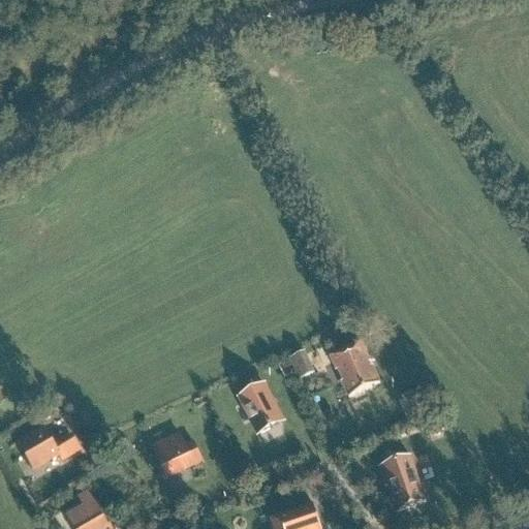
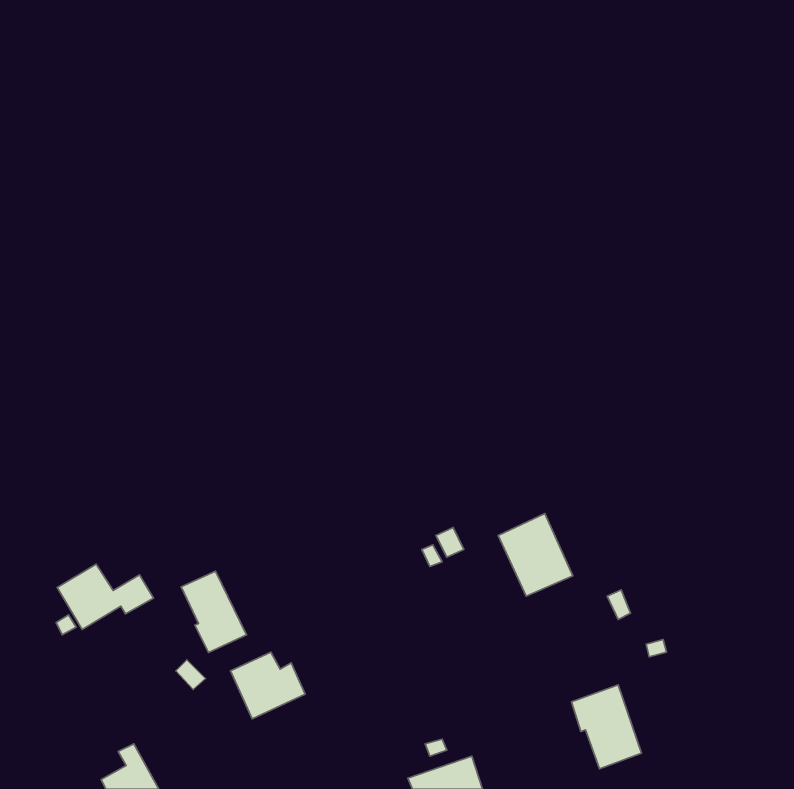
building: [241,376,284,433] -> none
building: none -> [181,571,246,652]
building: [17,427,81,470] -> [57,564,154,629]

